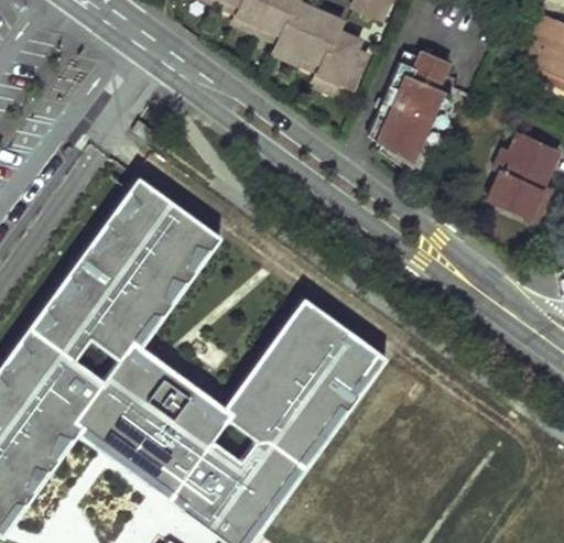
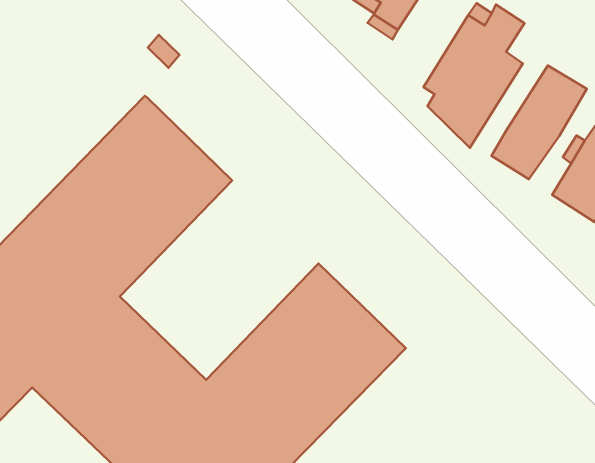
building: none -> [492,66,587,179]

